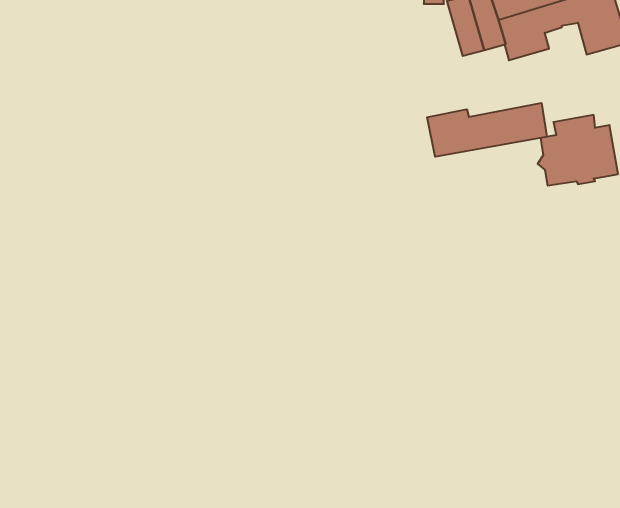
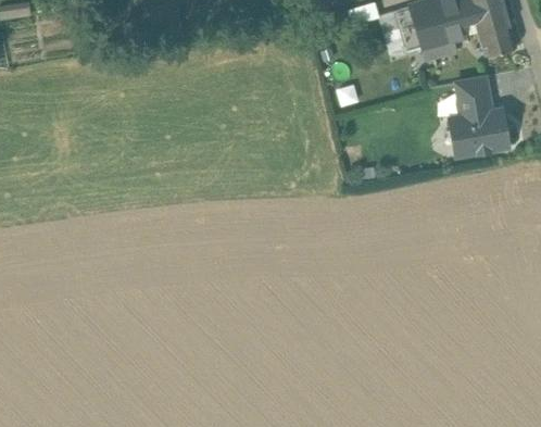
building: none -> [455,76,490,105]
building: [427,103,547,157] -> none

